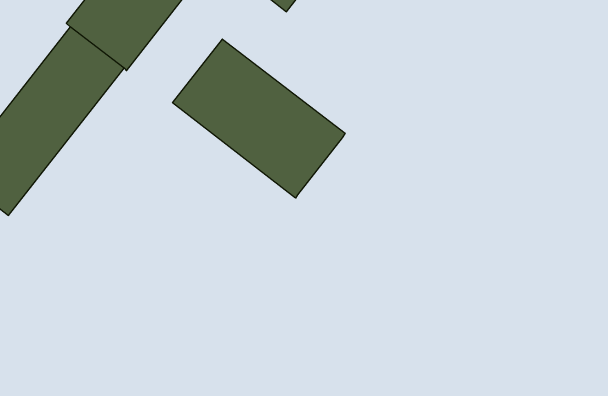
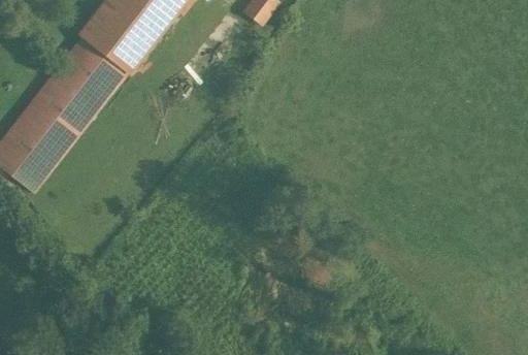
building: [173,39,345,198] -> none

